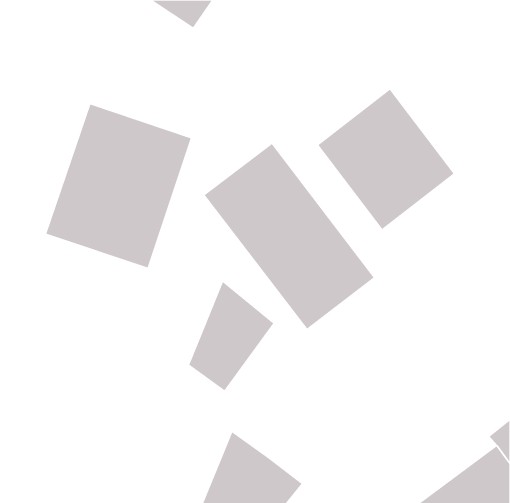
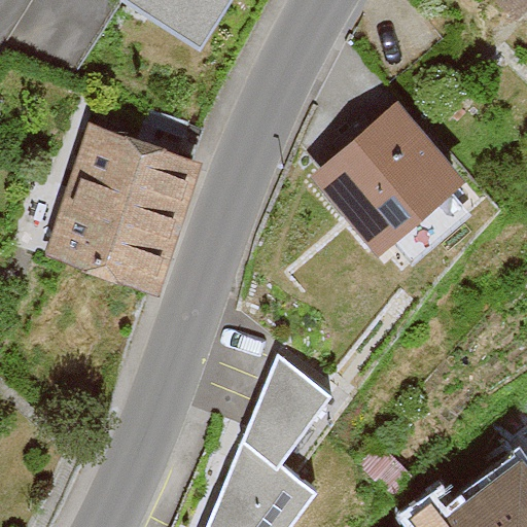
building: [204,143,374,330] -> none
building: [188,281,274,391] -> [237,367,324,480]

